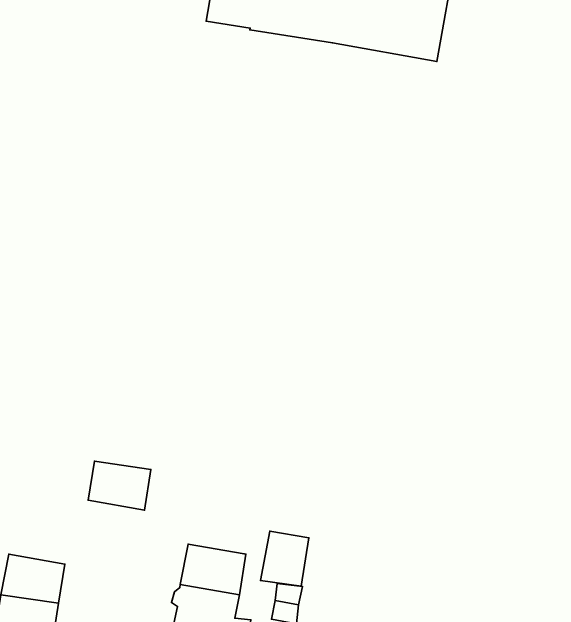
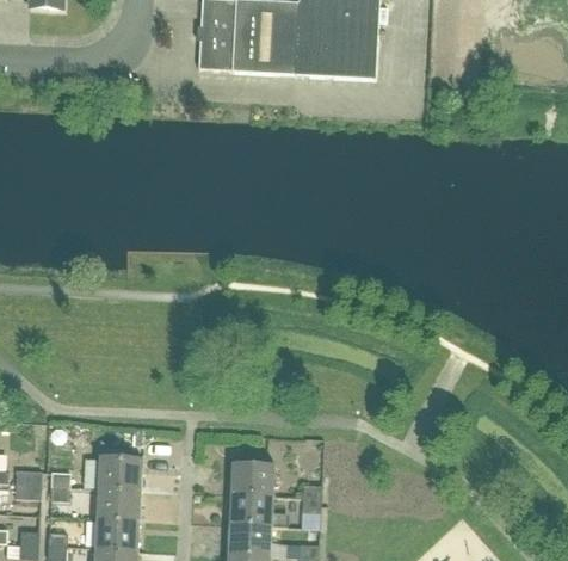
building: [88,461,151,510] -> [98,457,142,489]
building: [261,531,309,586] -> none

